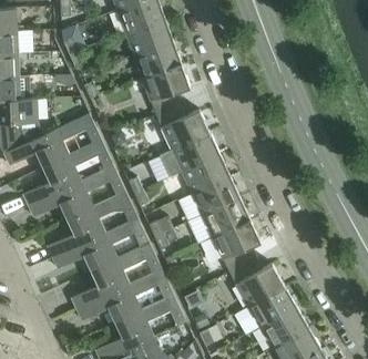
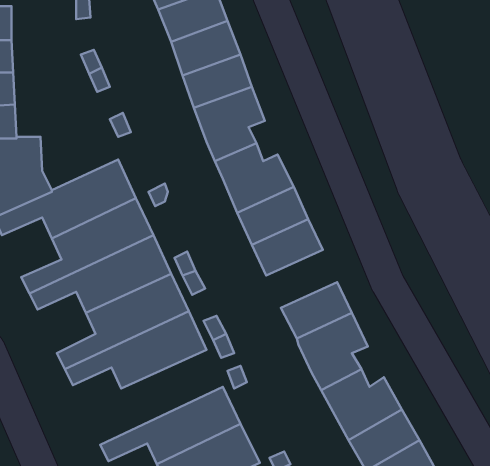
building: [191,175,239,215] -> none
building: [71,244,161,309] -> none

